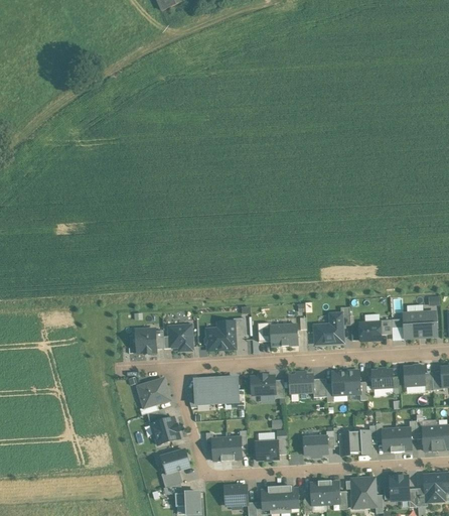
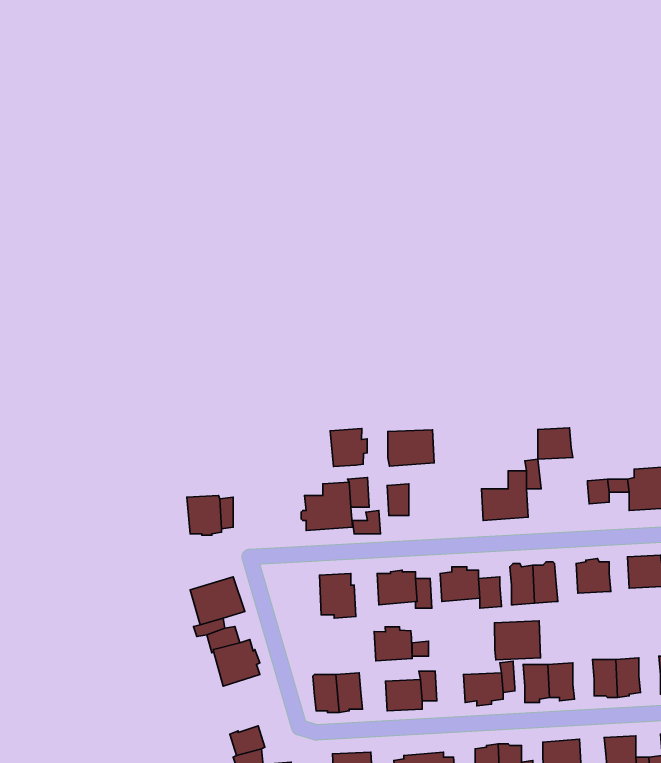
building: none -> [330,429,367,466]
building: [359,321,381,341] -> [538,428,573,459]
building: [270,324,298,346] -> [388,430,434,466]
building: [168,326,191,350] -> none
building: [194,377,216,404] -> none
building: none -> [495,621,540,660]
building: none -> [374,627,412,661]
building: [161,448,189,473] -> none

